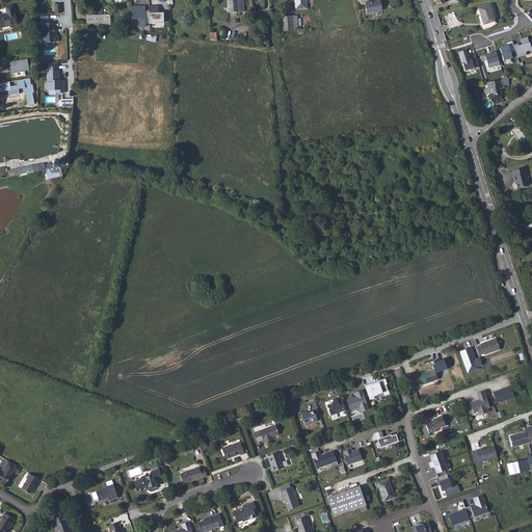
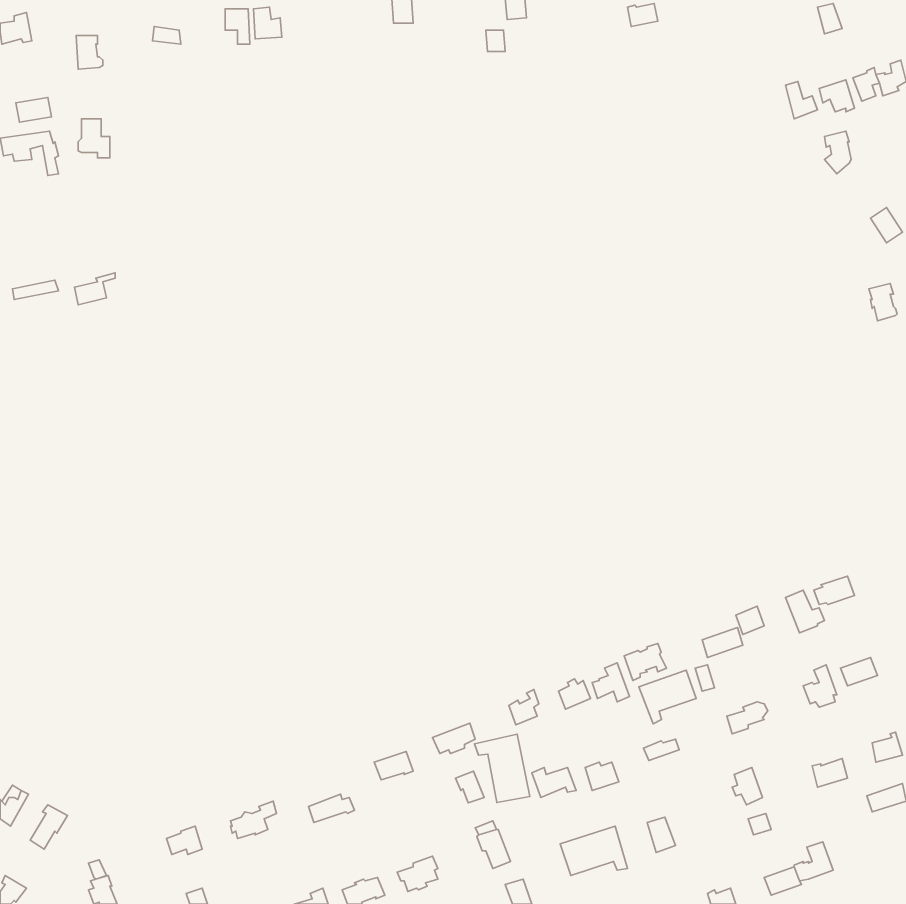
building: none -> [639,670,696,724]
building: none -> [475,734,530,803]

